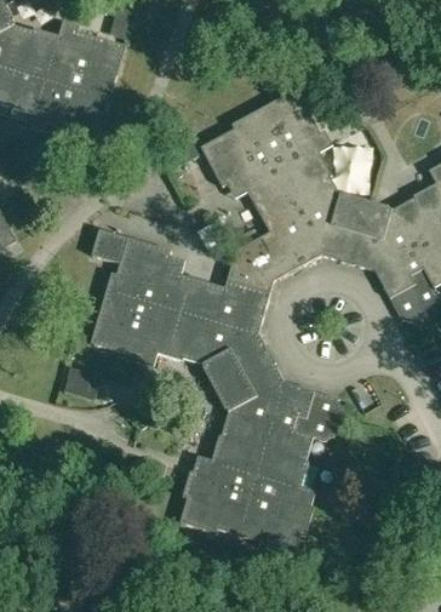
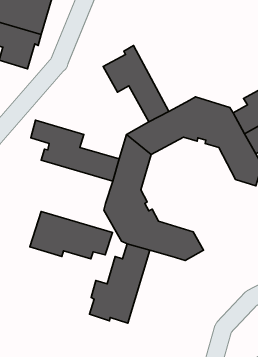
building: [246,90,332,216] -> none
building: [90,290,214,361] -> [30,212,113,259]
building: [237,425,313,556] -> none

